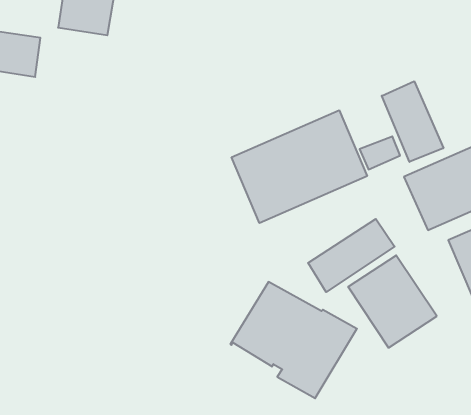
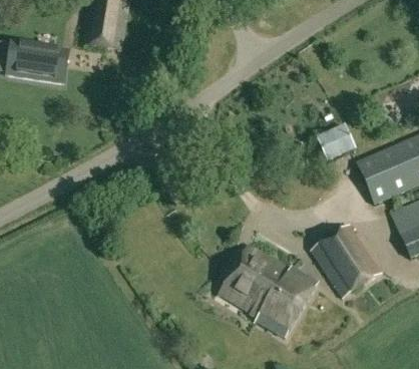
building: [382,81,443,162] -> none
building: [232,110,367,223] -> none
building: [308,219,395,292] -> none

